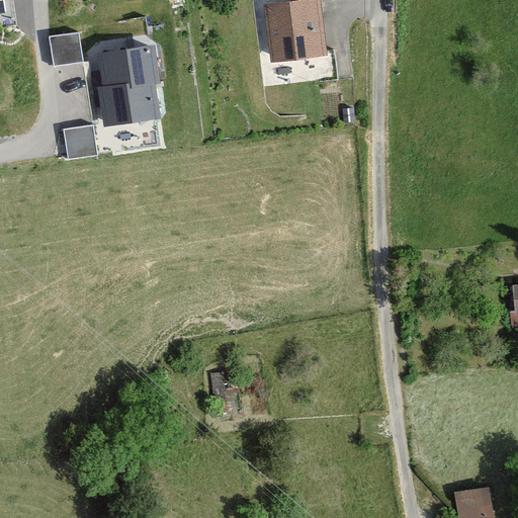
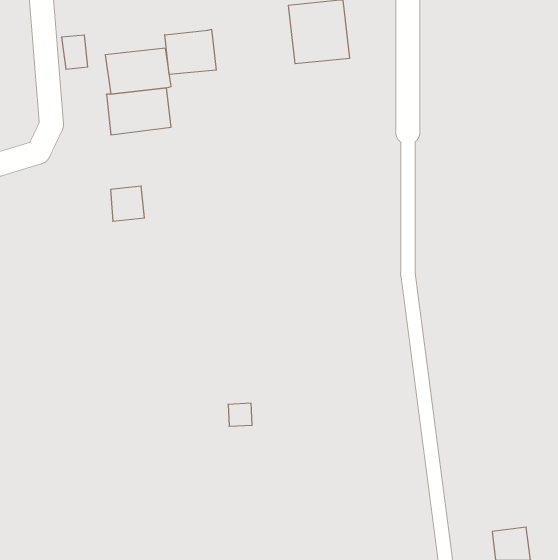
building: none -> [165,29,216,74]
building: [64,125,95,158] -> [111,186,144,221]

